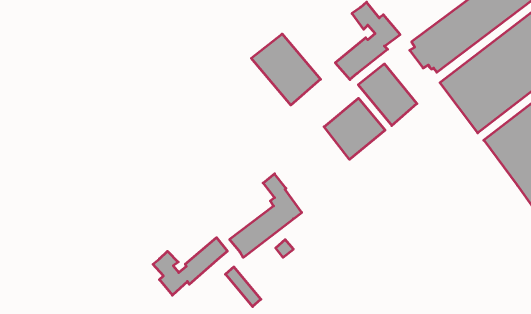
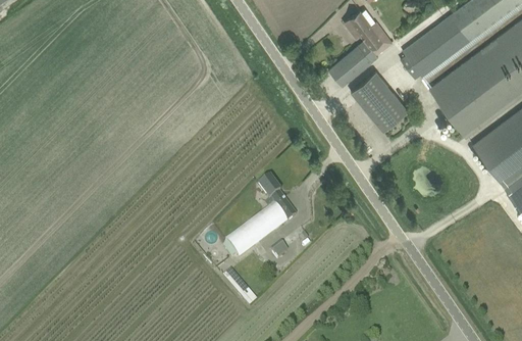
building: [251,34,321,105] -> none
building: [324,98,385,159] -> none
building: [153,238,227,295] -> none

